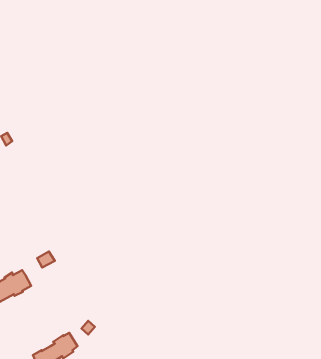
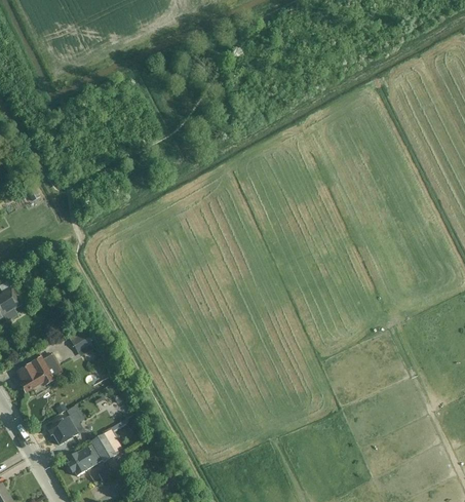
building: none -> [46,412,80,446]

